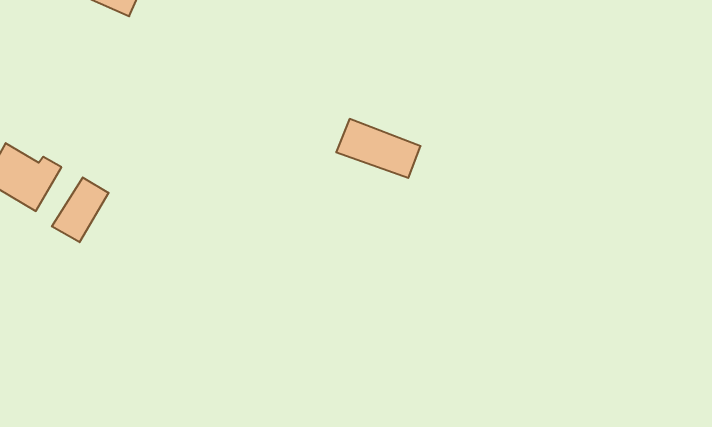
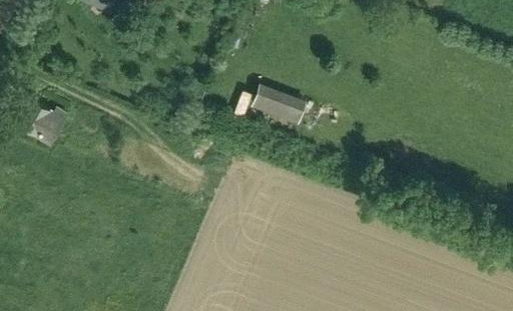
building: [52,177,109,242] -> none

